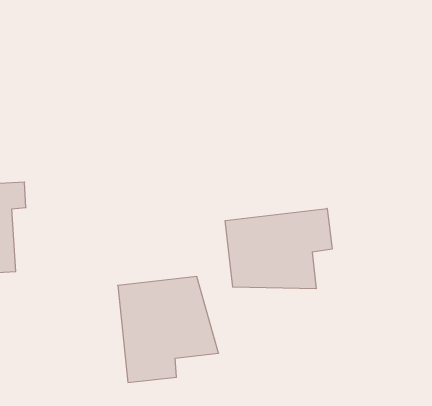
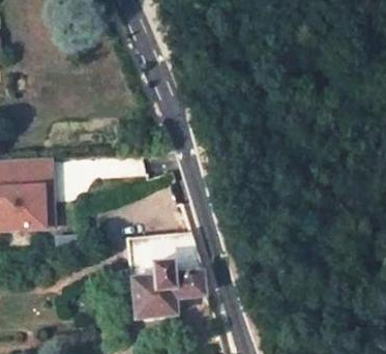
building: [225,208,332,289] -> none

